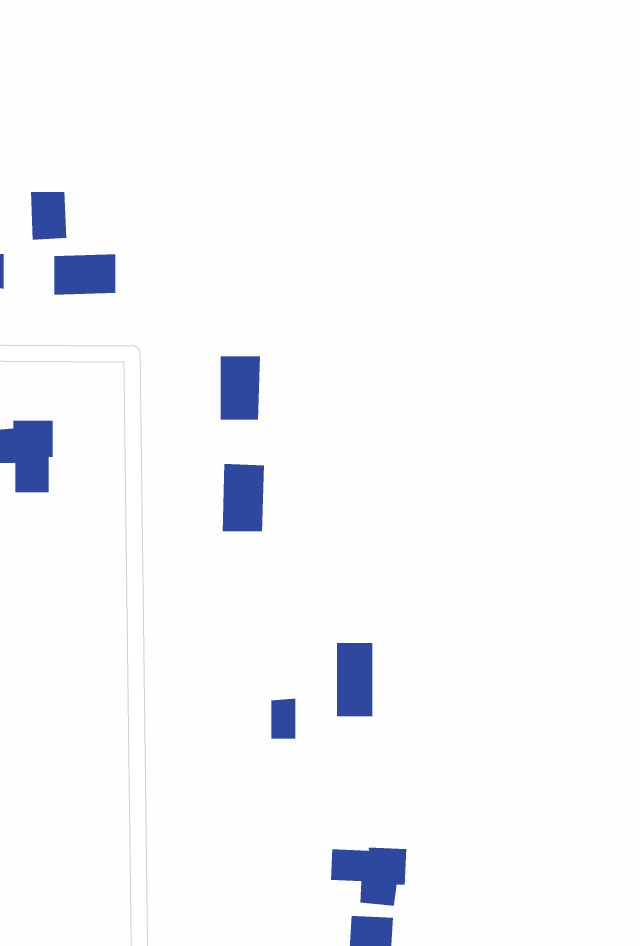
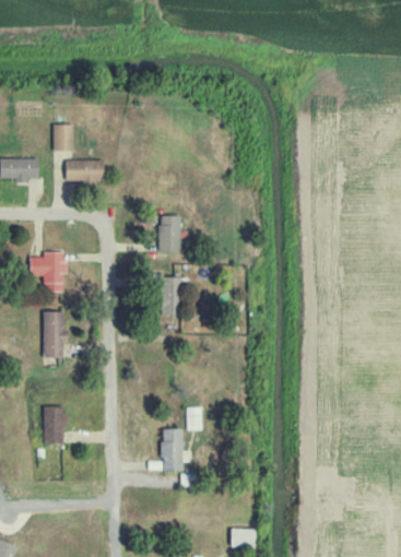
building: none -> [43,312,66,358]
building: [336,643,373,717] -> [162,429,182,471]
building: none -> [43,407,64,445]
building: [330,847,407,906] -> none

